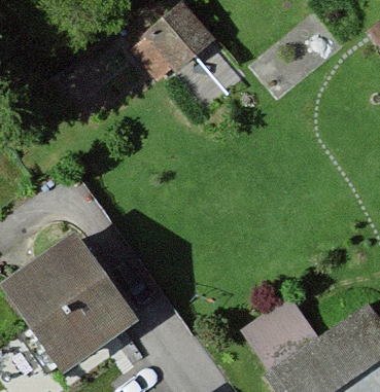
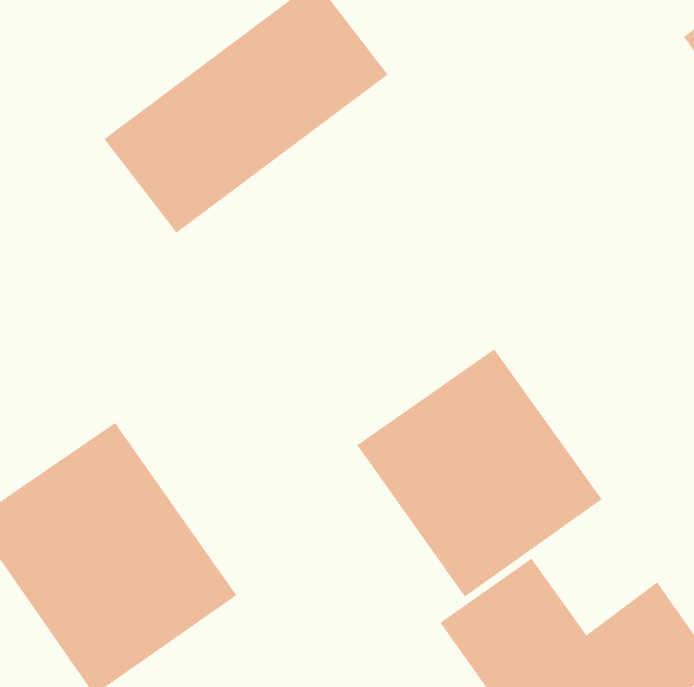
building: none -> [357,349,603,597]

